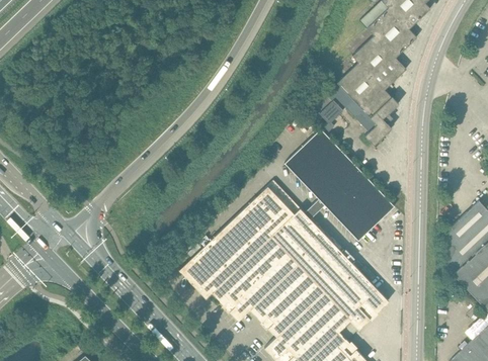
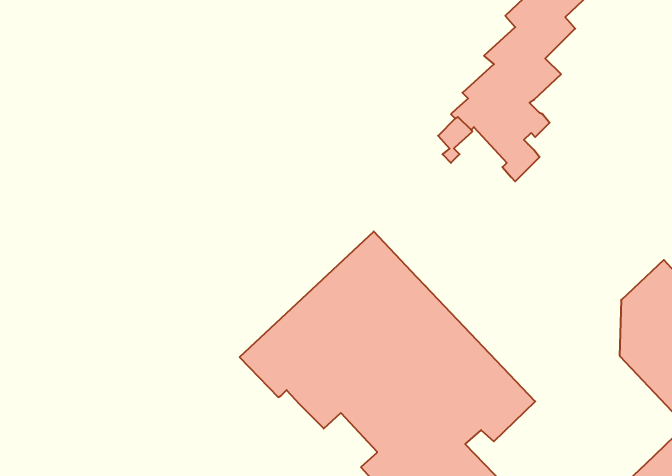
building: [284,129,394,241] -> none

